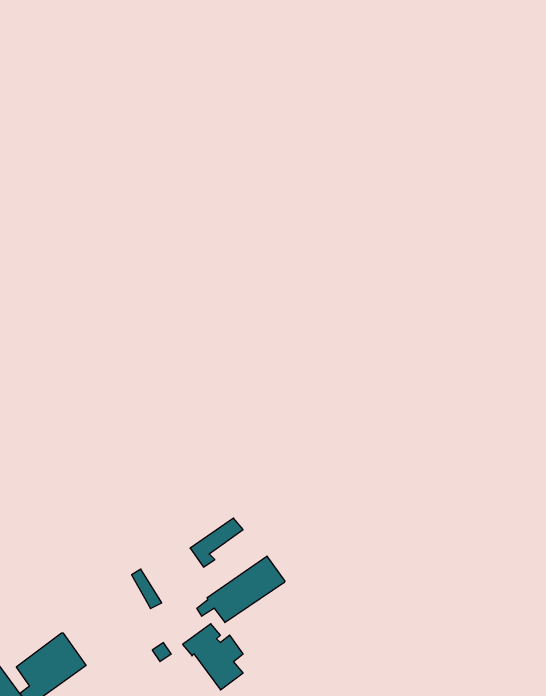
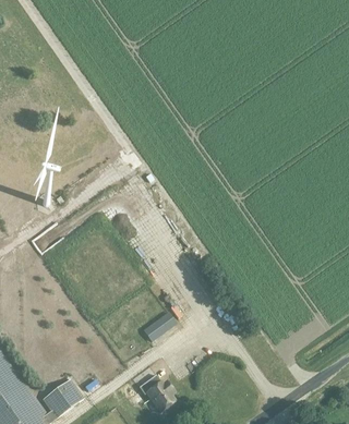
building: [197,556,285,623] -> none

